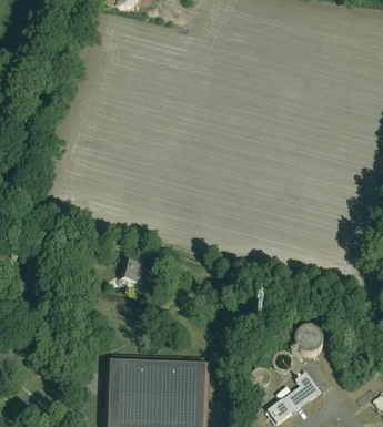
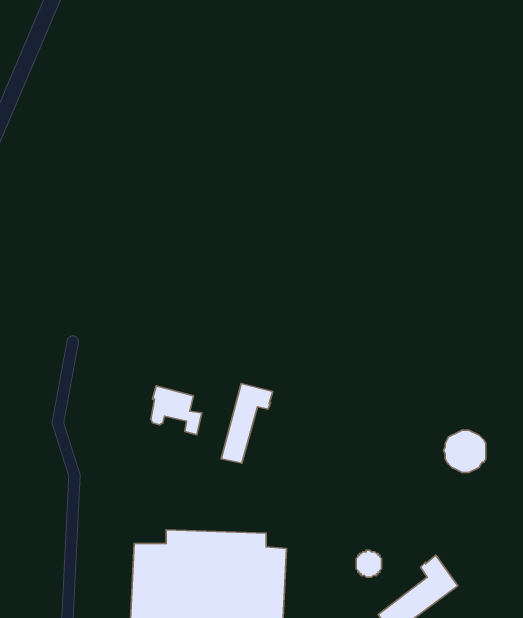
building: none -> [221,384,273,463]
building: [294,327,322,355] -> [444,430,486,472]

